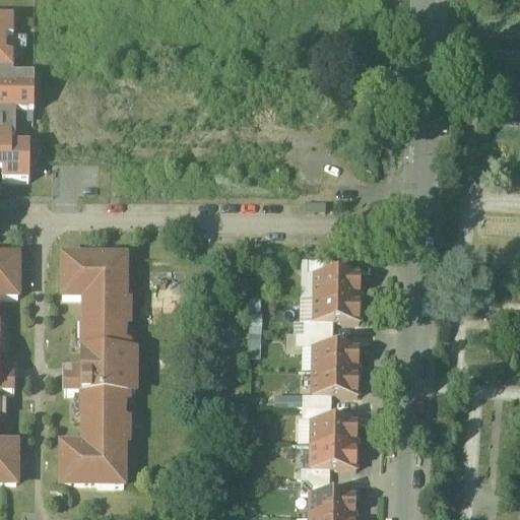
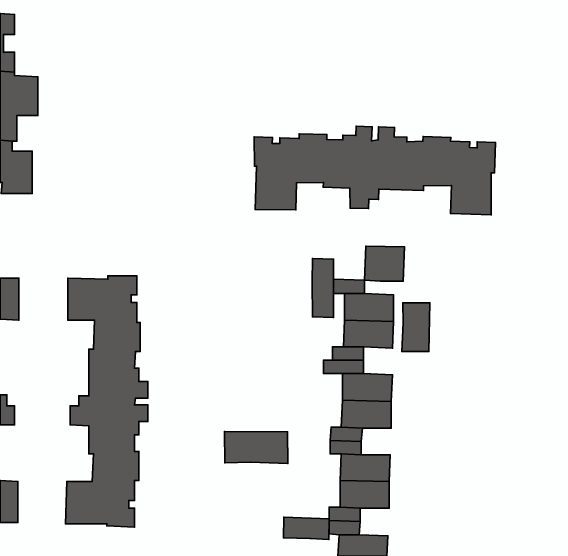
building: none -> [254,126,495,215]
building: none -> [365,246,404,281]
building: none -> [312,258,333,317]
building: none -> [402,303,430,352]
building: none -> [224,431,288,463]
building: none -> [283,517,329,540]

